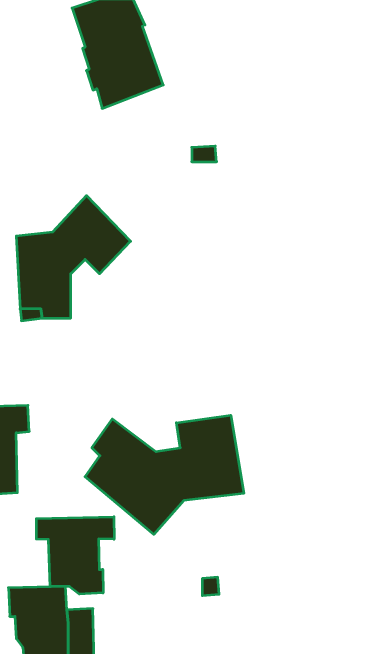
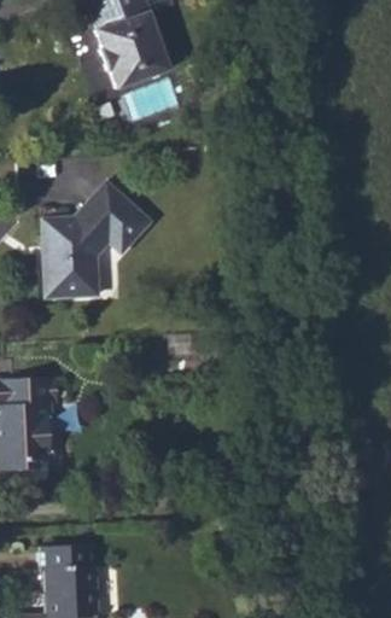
building: [85,415,244,534] -> none
building: [36,517,114,594] -> none

